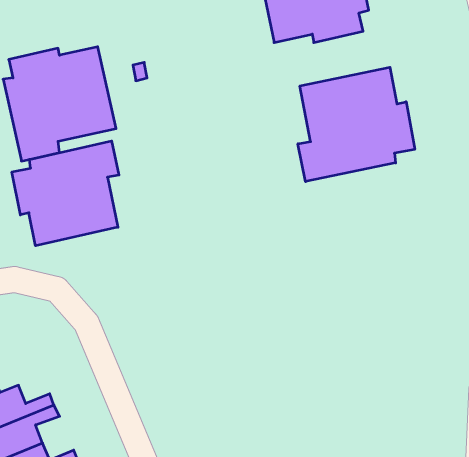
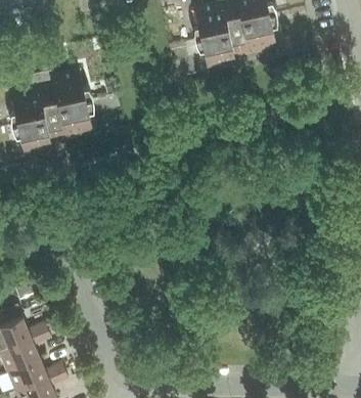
building: [298,67,415,182] -> none
building: [12,141,119,246] -> none

